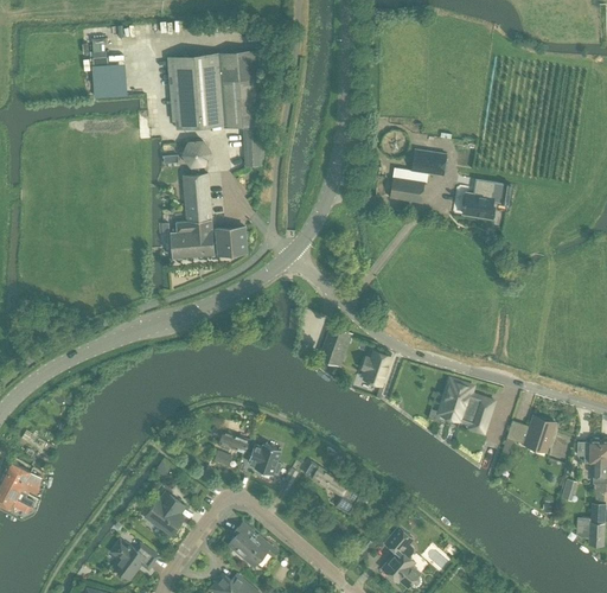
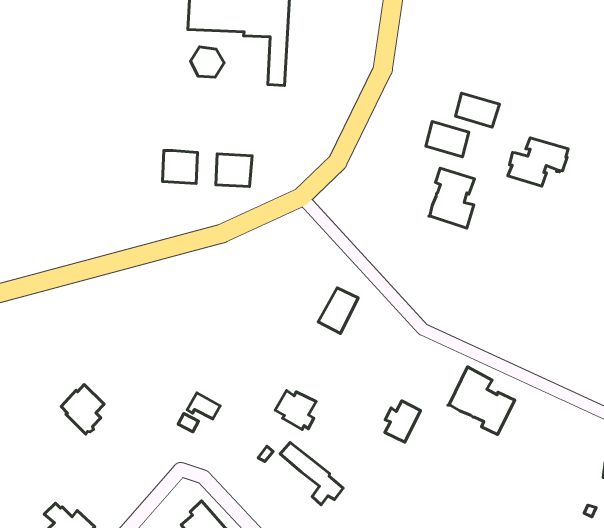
building: [175,173,213,256] -> none
building: none -> [429,168,474,228]
building: [362,350,390,384] -> [385,401,420,442]
building: [500,416,555,454] -> none
building: [247,444,280,474] -> [275,390,316,429]
building: [147,492,183,534] -> [61,384,104,434]

